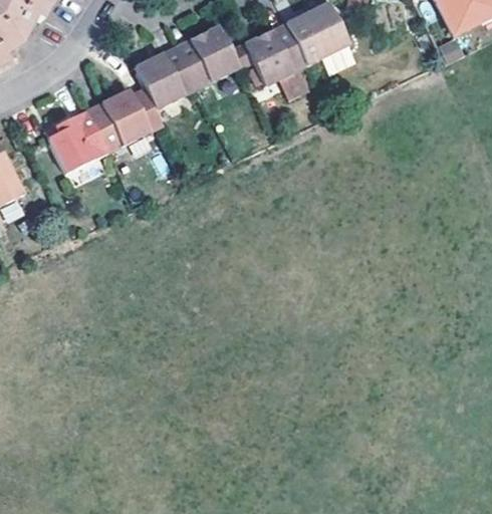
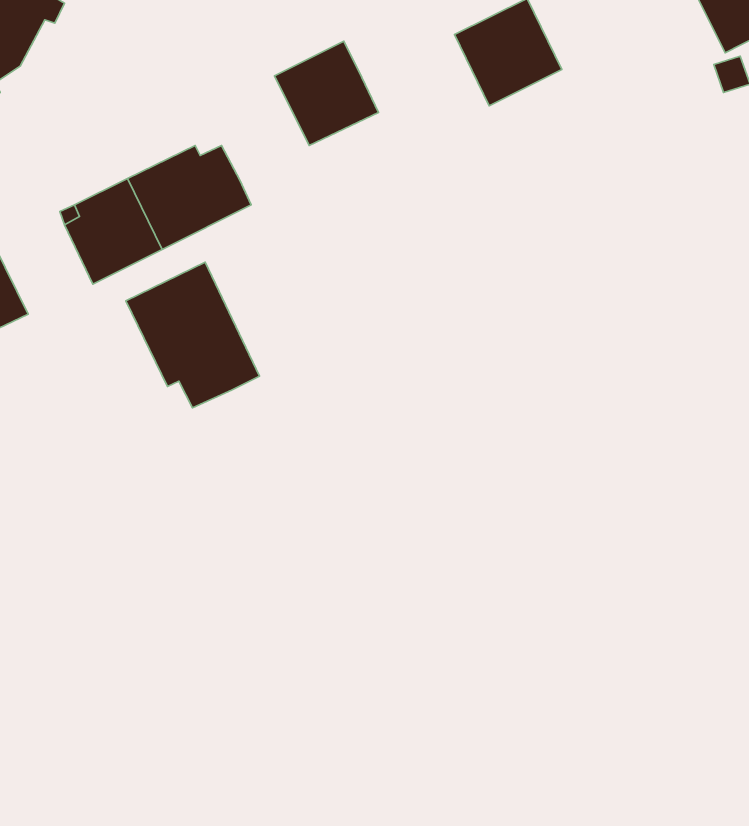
building: [229,22,306,85] -> none
building: [134,47,197,110] -> none
building: none -> [126,262,259,408]

